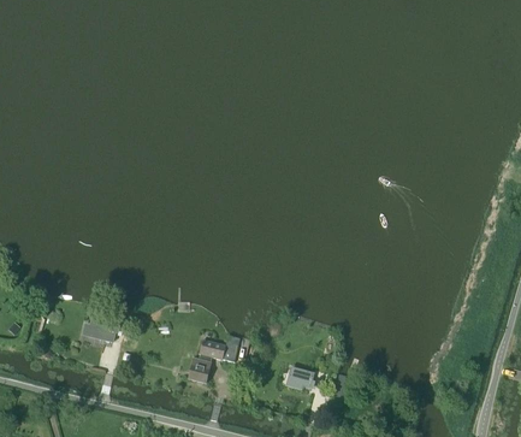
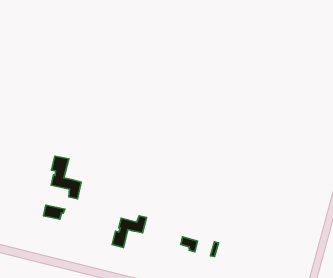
building: none -> [51,156,81,199]

